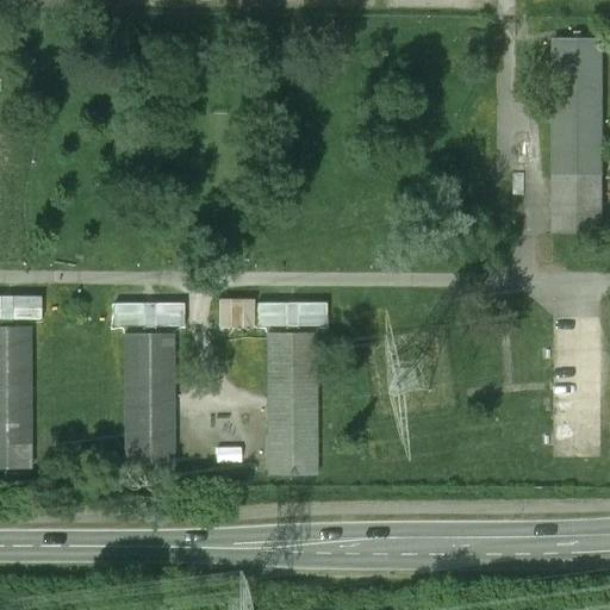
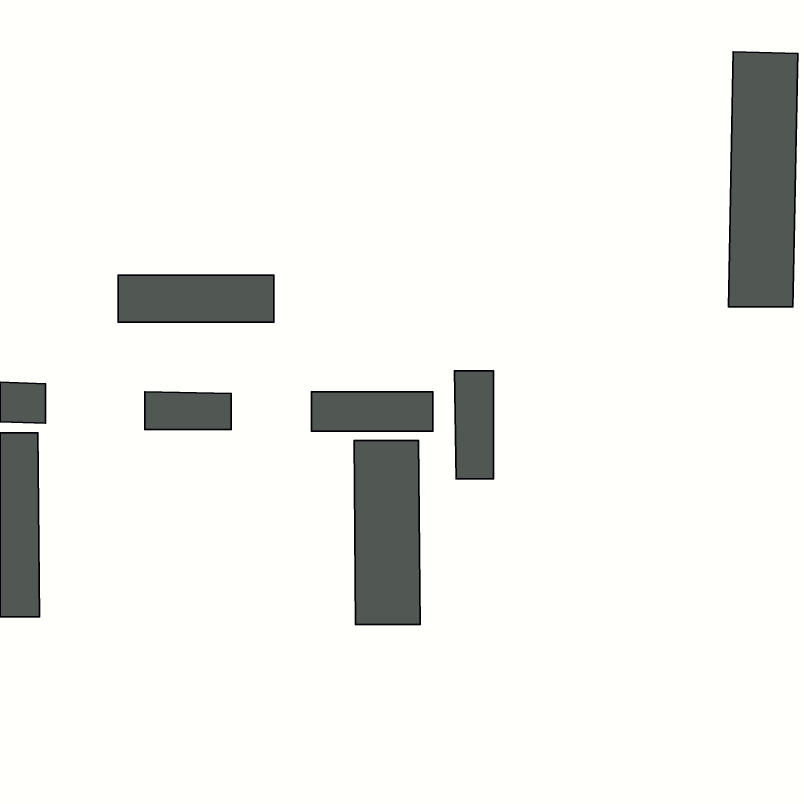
building: none -> [118,275,274,322]
building: none -> [455,371,494,479]
building: [125,337,175,477] -> none

